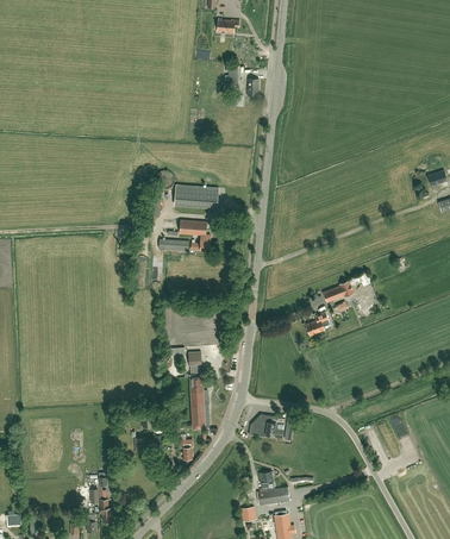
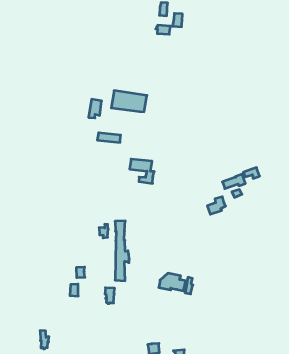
building: [177,220,210,250] -> [130,159,154,183]
building: [256,471,288,504] -> none

